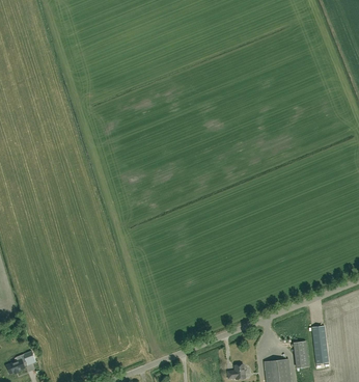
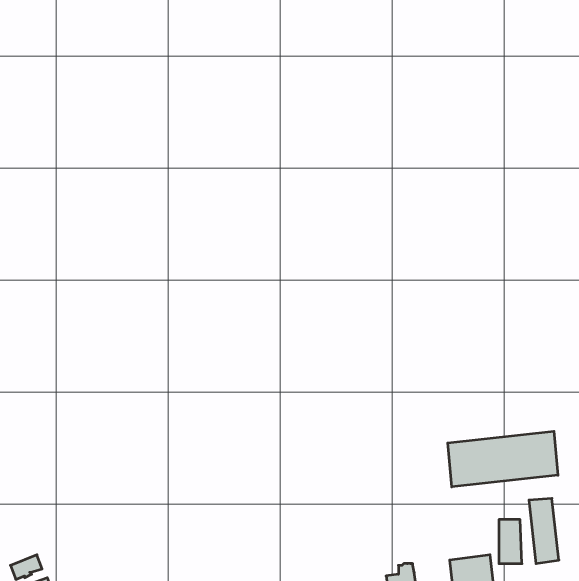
building: none -> [448,431,558,487]

